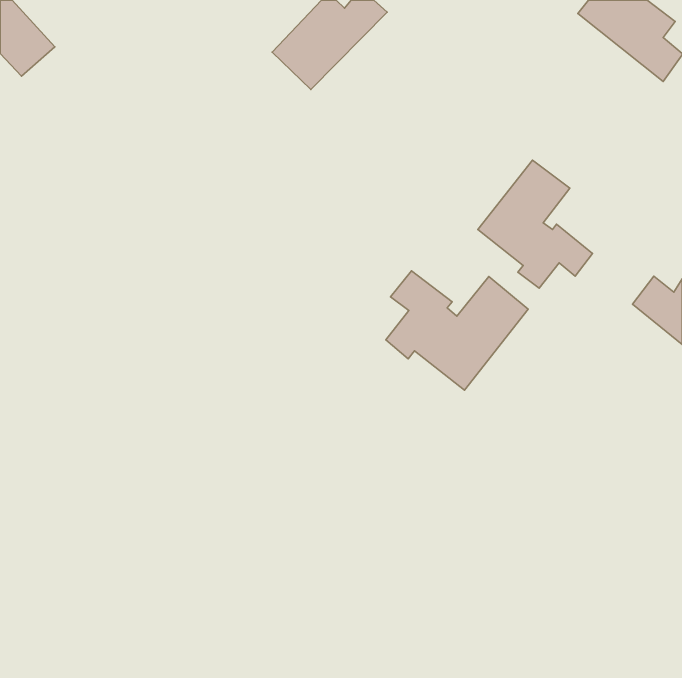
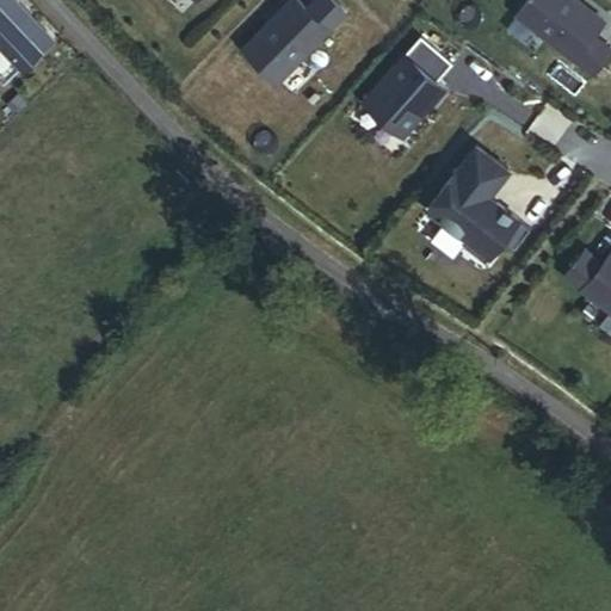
building: none -> [364,38,452,137]
building: [386,271,528,390] -> none

